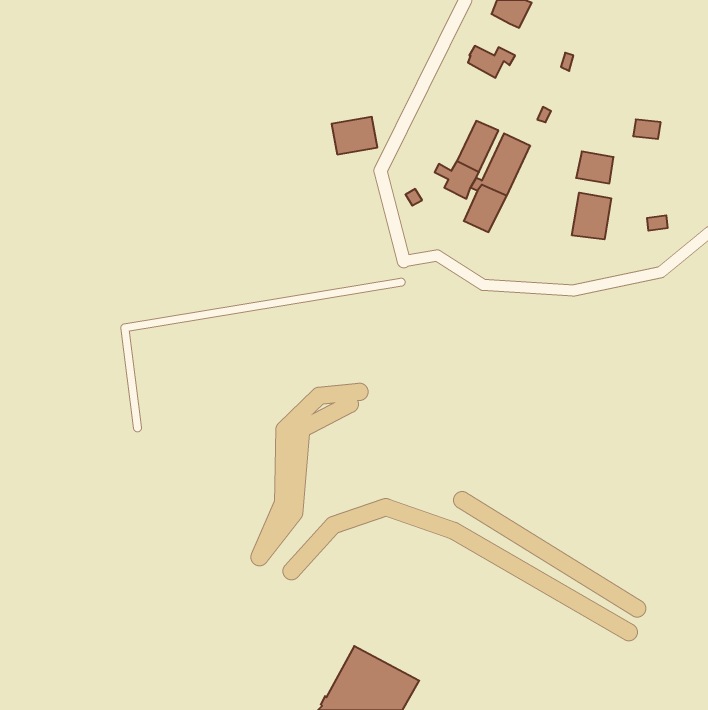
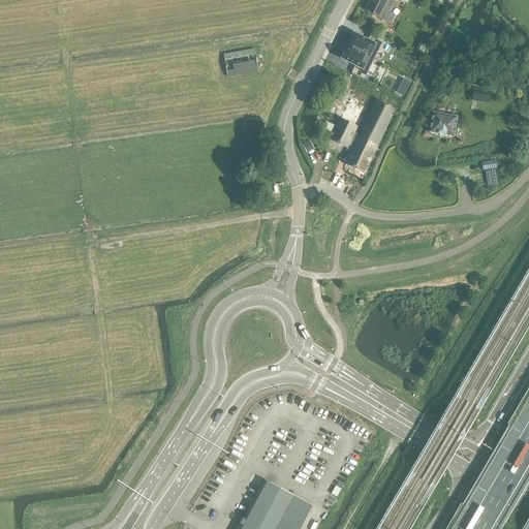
building: none -> [341,46,370,79]
building: [332,117,377,154] -> [224,50,258,77]
building: [572,193,611,239] -> none

